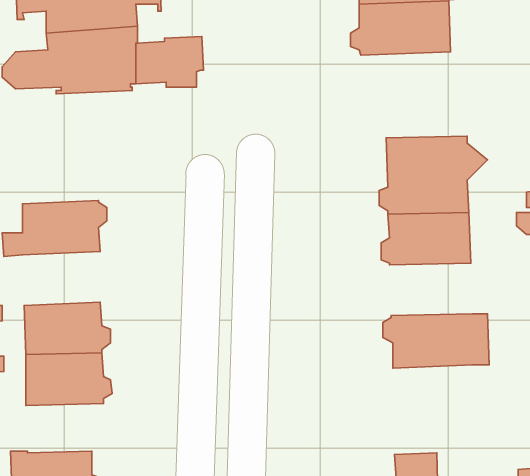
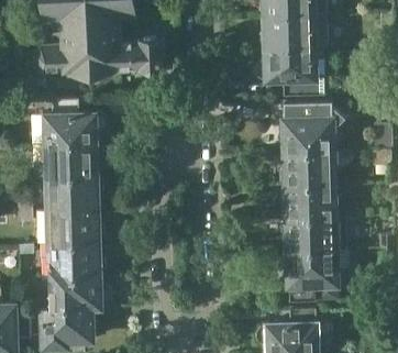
building: none -> [254,48,325,96]
building: none -> [45,99,107,147]
building: none -> [46,178,102,213]
building: none -> [279,186,339,220]
building: none -> [281,252,341,304]
building: none -> [48,277,112,309]

